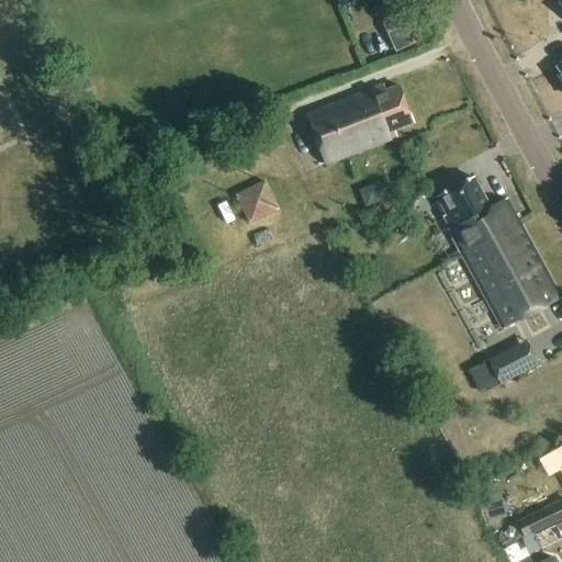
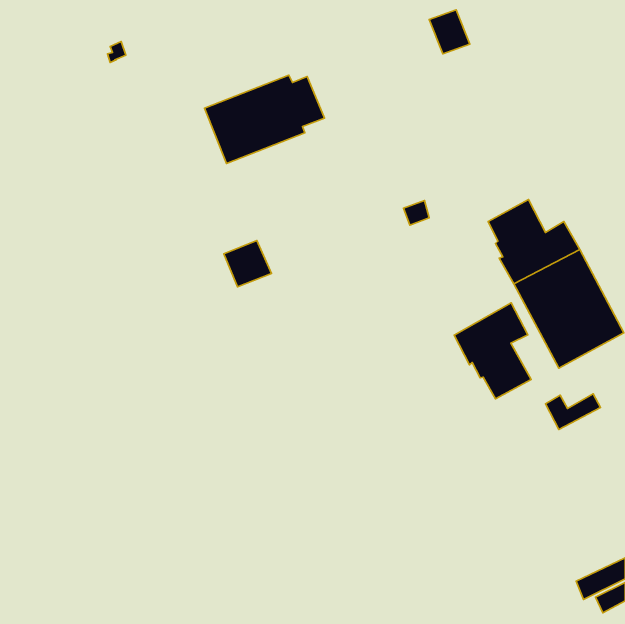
building: [306,85,414,164] -> [205,75,324,163]
building: [238,178,281,220] -> [224,240,272,287]
building: none -> [454,303,531,399]

